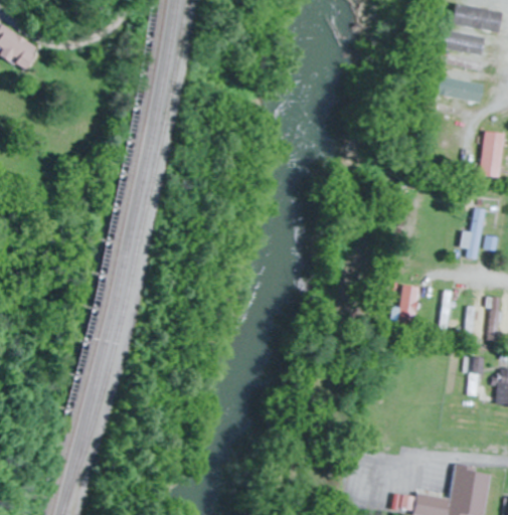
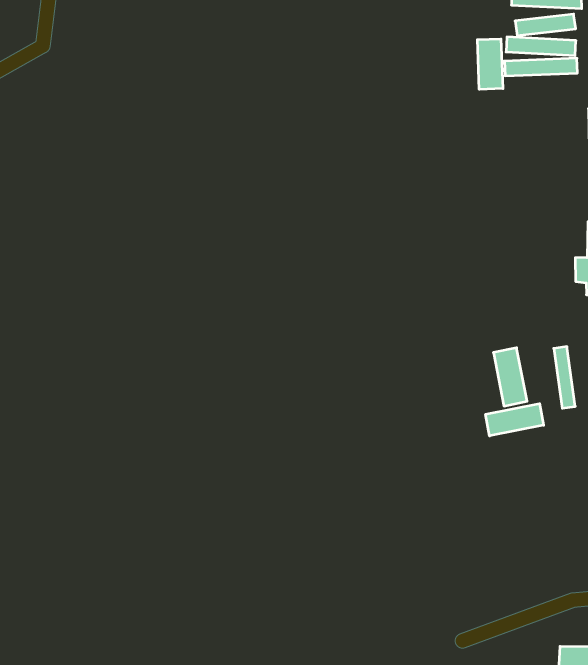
building: none -> [477,39,503,89]
building: none -> [486,404,544,436]

